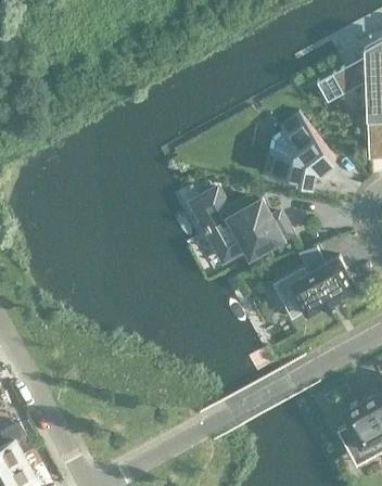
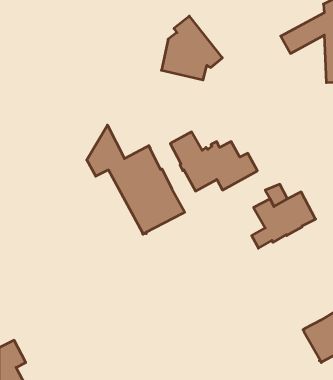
building: [265,116,333,188] -> [161,16,222,80]
building: none -> [87,125,185,234]

